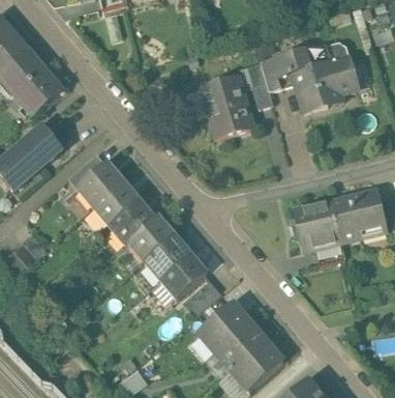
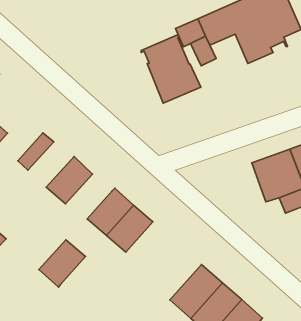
building: [77,162,123,205] -> none
building: [109,199,155,244] -> [39,240,85,287]
building: [160,253,207,298] -> none
building: [183,278,222,315] -> none

